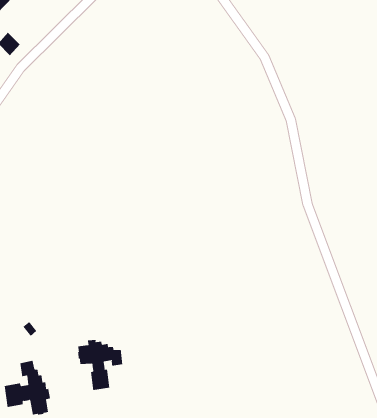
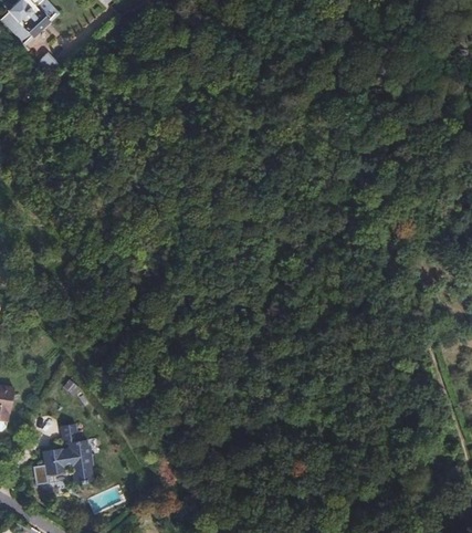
building: [78,339,123,391] -> none

